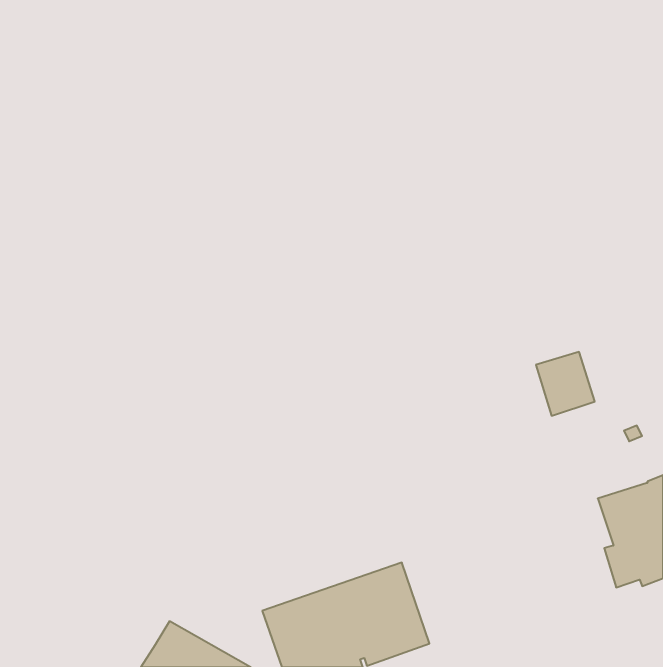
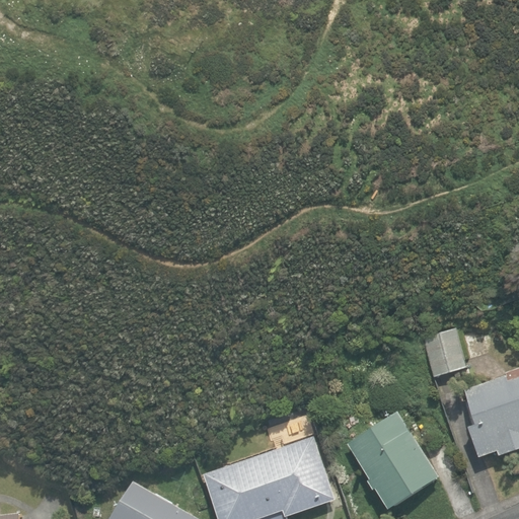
building: [536,352,595,416] -> [422,328,467,378]
building: none -> [347,412,438,508]

